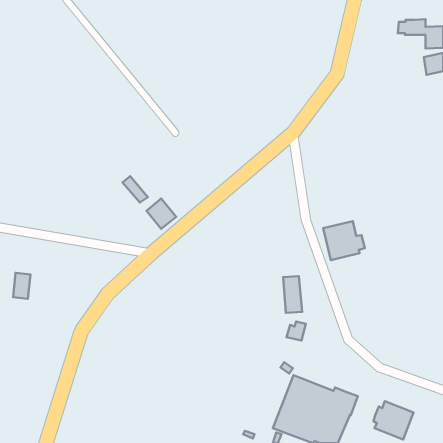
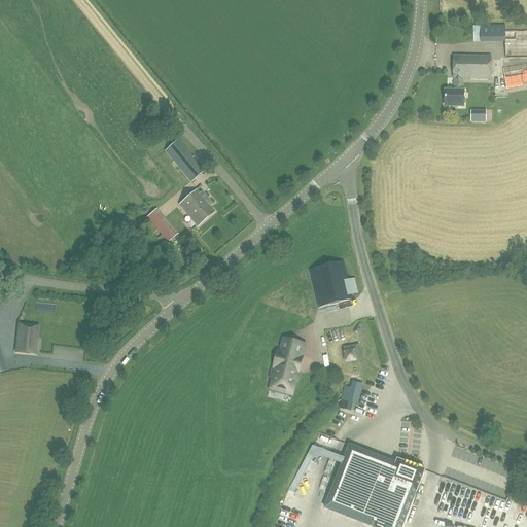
building: none -> [444,55,490,106]
building: none -> [164,139,204,181]
building: [147,199,176,229] -> [178,189,213,225]
building: [323,221,365,260] -> [308,260,357,307]
building: none -> [266,335,306,395]

